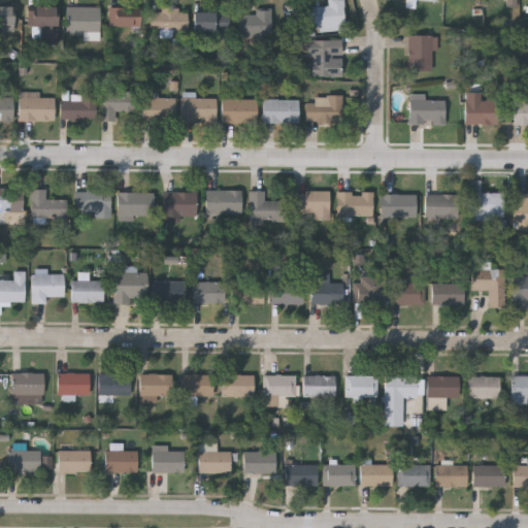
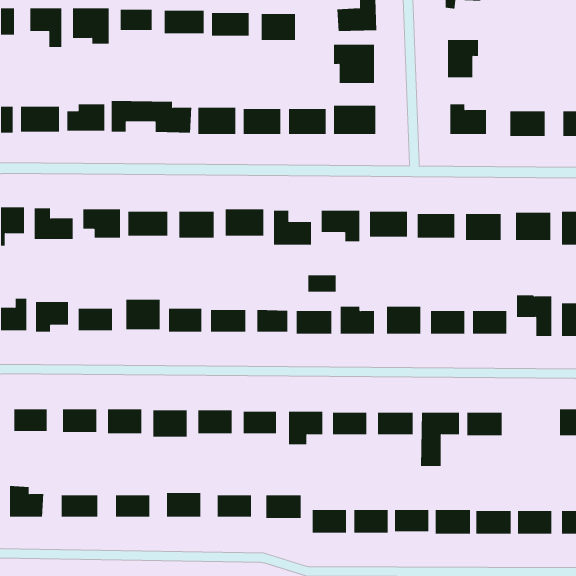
building: none -> [308,275,336,293]
building: [468,376,500,398] -> none

